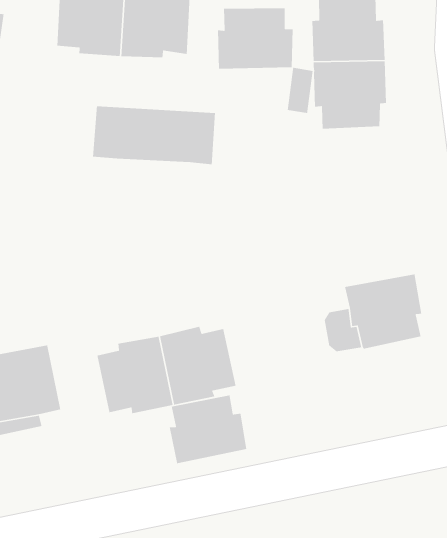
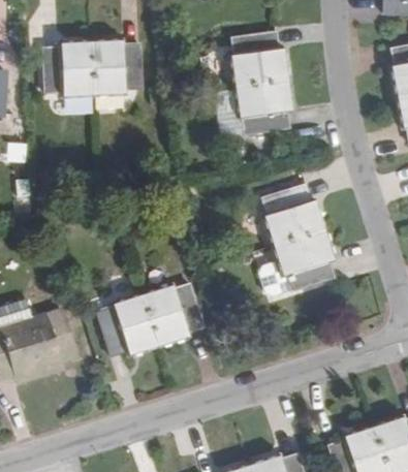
building: [217,7,293,69] -> none
building: [92,106,216,165] -> none
building: none -> [264,186,325,246]
building: [169,394,247,464] -> none

